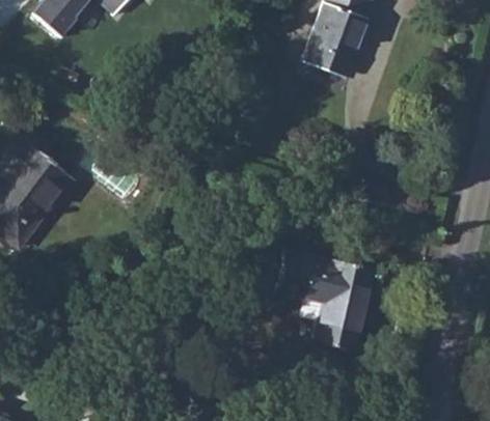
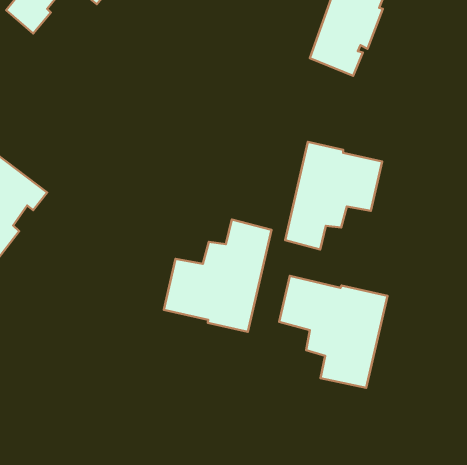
building: none -> [285,142,382,249]
building: none -> [164,220,272,332]

